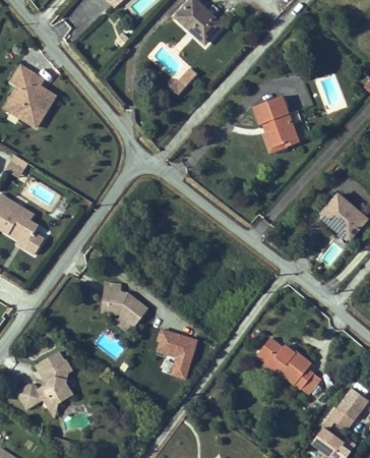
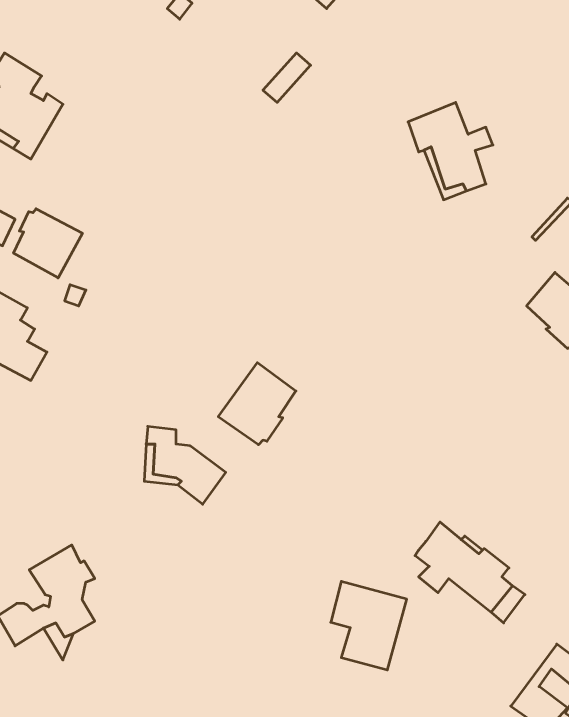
building: none -> [14,209,82,278]
building: none -> [218,363,296,445]
building: [153,329,197,380] -> [331,581,407,670]

